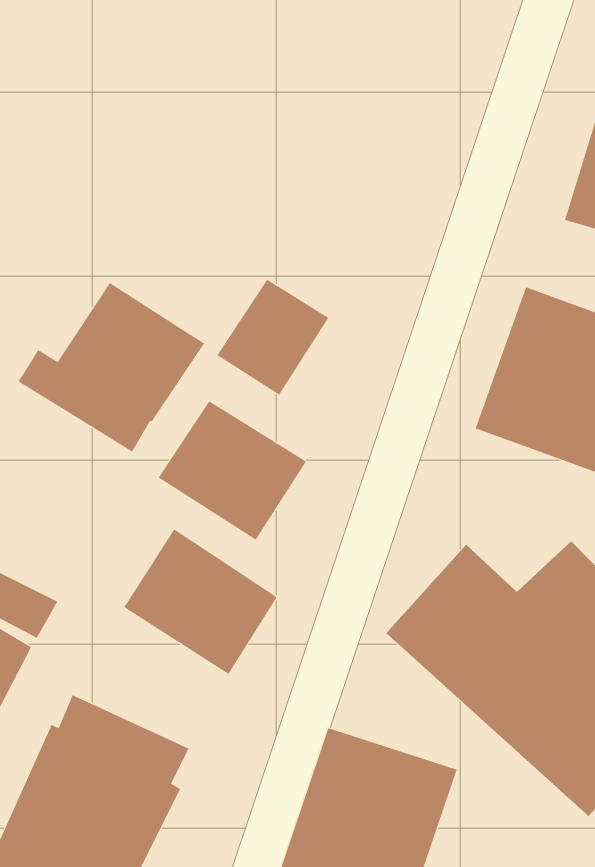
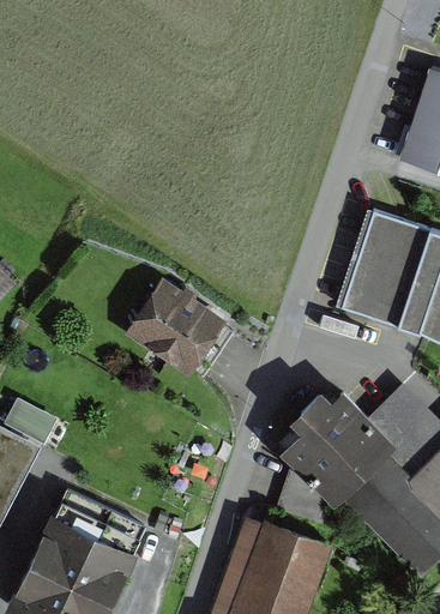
building: [217,279,329,395] -> none
building: [18,282,205,452] -> none
building: [124,529,277,675] -> none

